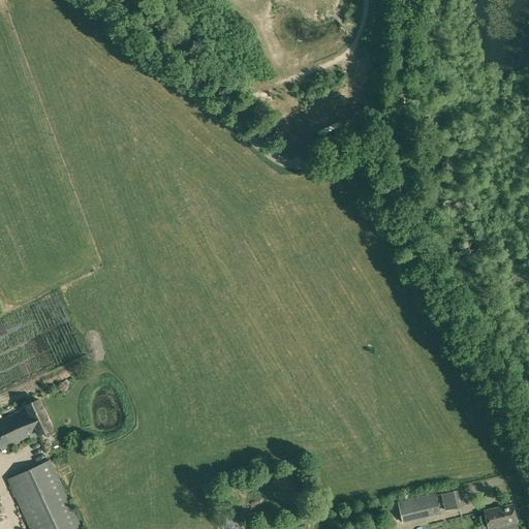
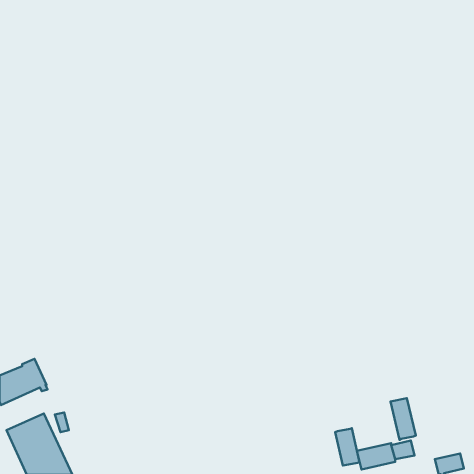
building: none -> [390,398,416,440]
building: none -> [335,428,360,466]

